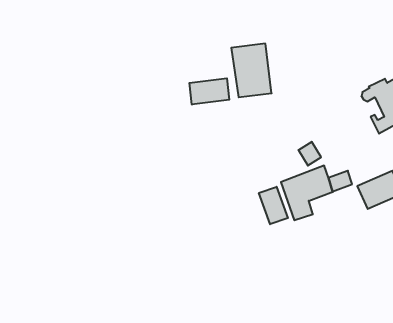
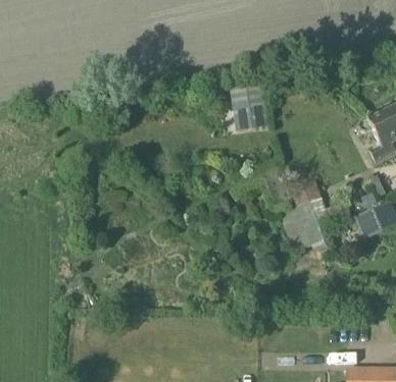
building: [189,78,229,105] -> none
building: [259,187,288,224] -> none

